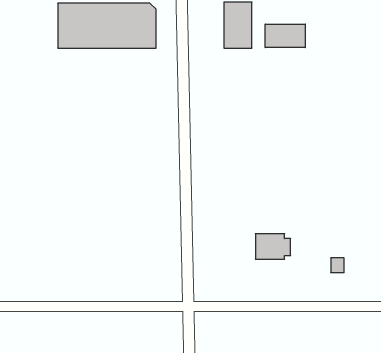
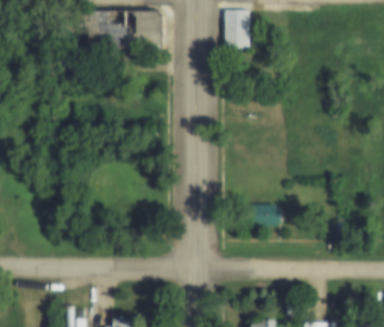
building: [265,24,305,48] -> none

